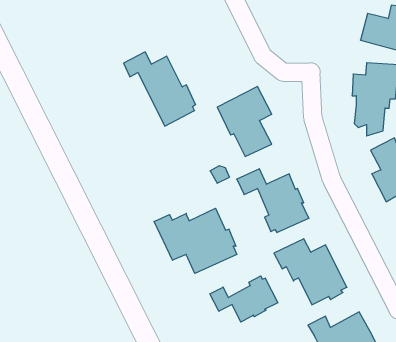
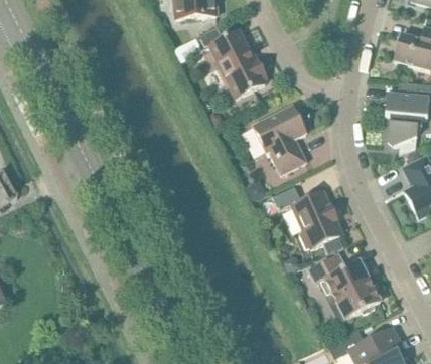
building: [124,52,196,126] -> [195,25,266,98]
building: [154,208,237,273] -> none
building: [210,276,278,322] -> none

